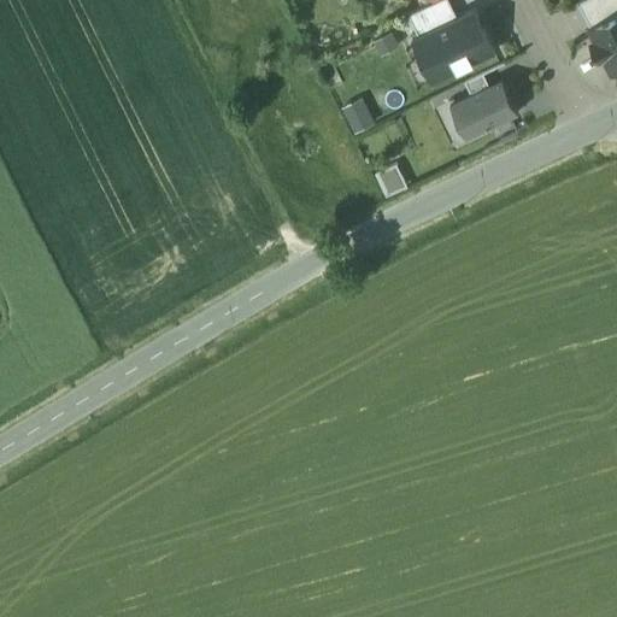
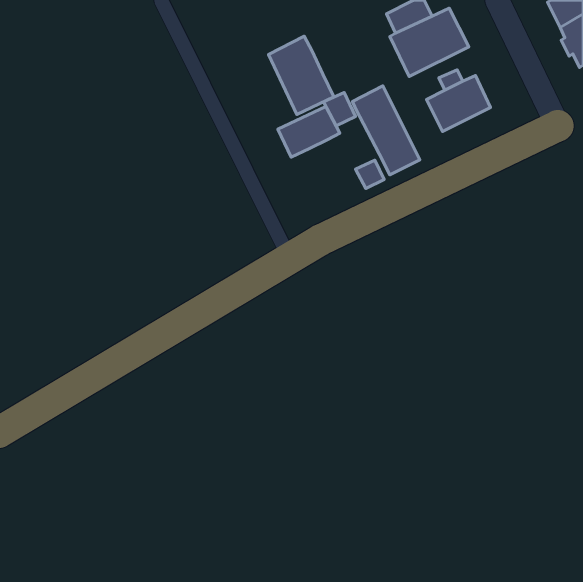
building: none -> [268,36,334,114]
building: none -> [352,86,420,175]
building: none -> [278,106,340,157]

